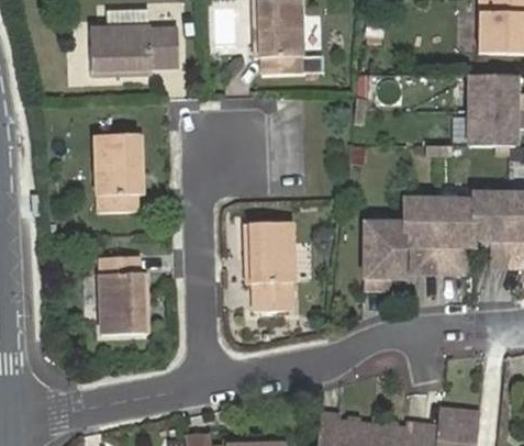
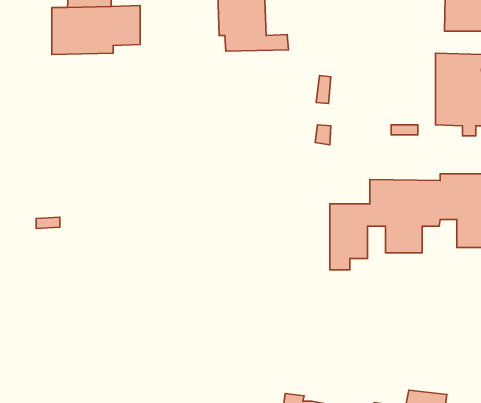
building: [94,134,144,212] -> none
building: [250,222,294,311] -> none
building: [100,256,147,333] -> none

